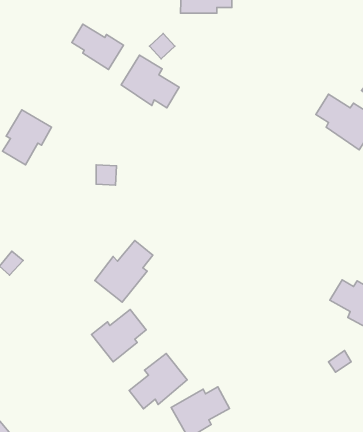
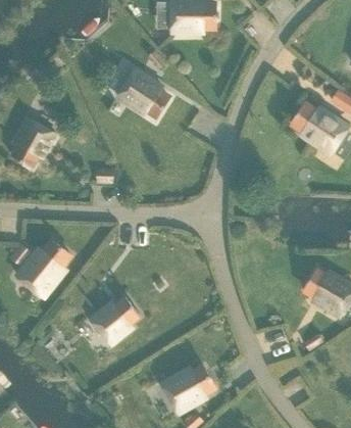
building: [72,24,124,70] -> none
building: [95,241,153,302] -> [15,240,67,295]
building: [129,353,187,409] -> none

